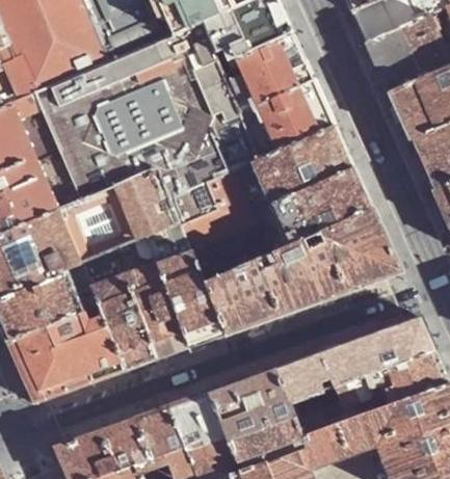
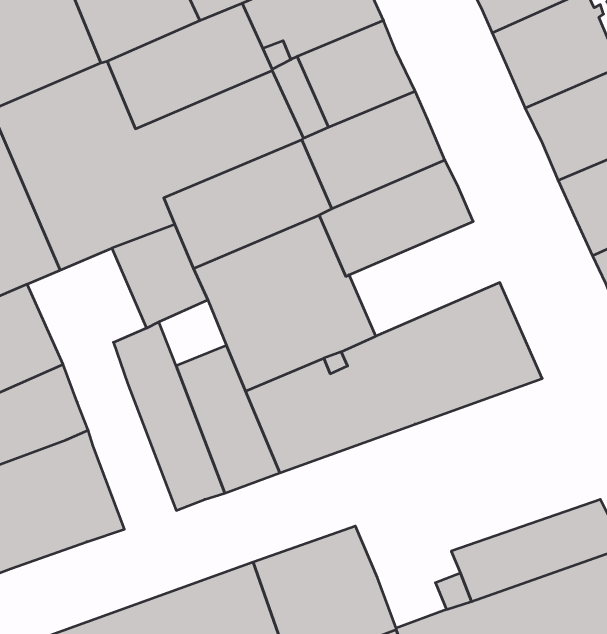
building: [270,168,370,244] -> none
building: [57,186,136,263] -> none
building: [144,220,189,264] -> none
building: [90,275,156,372] -> none
building: [274,317,436,404] -> none

